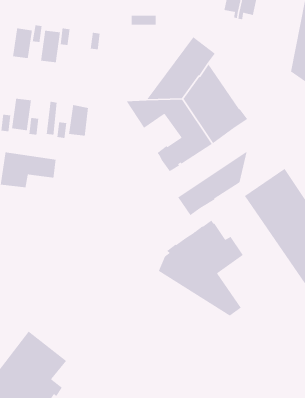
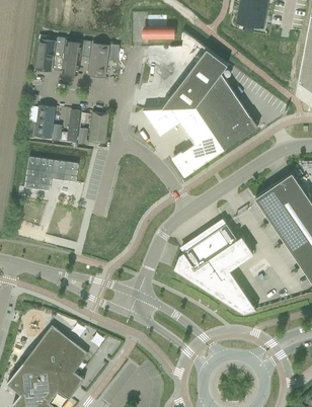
building: none -> [89,44,108,77]
building: [177,150,248,216] -> none

